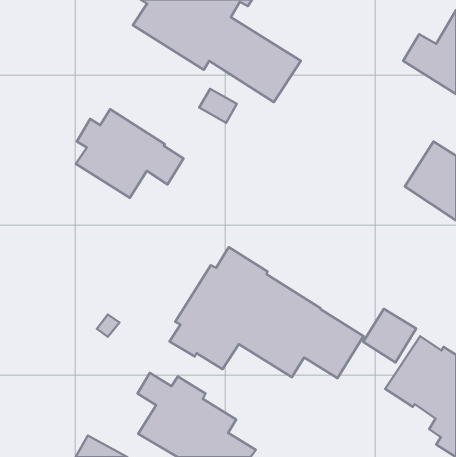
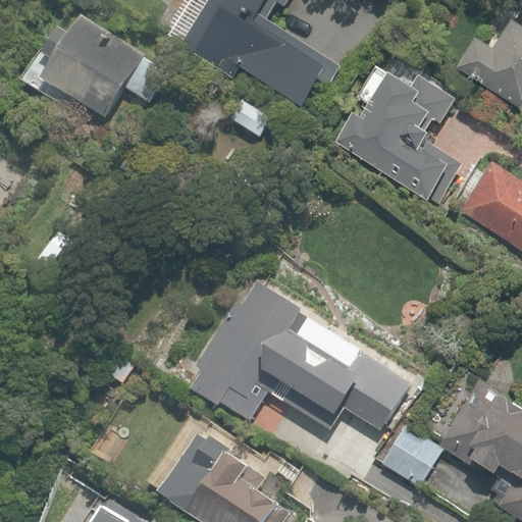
building: none -> [331,67,461,205]
building: [76,109,184,198] -> [48,16,170,117]
building: [363,309,416,363] -> [384,425,445,486]

